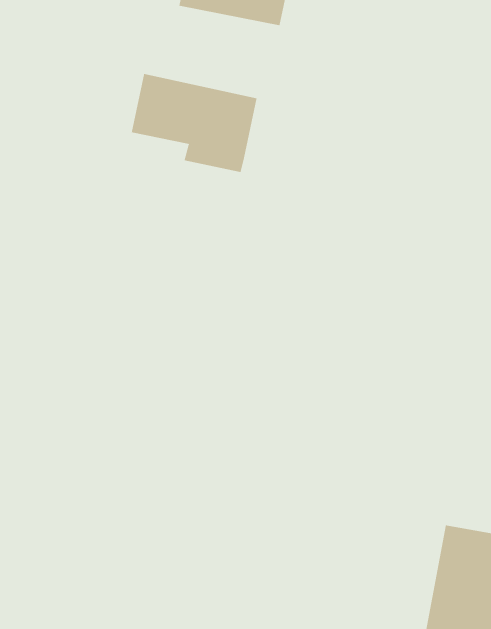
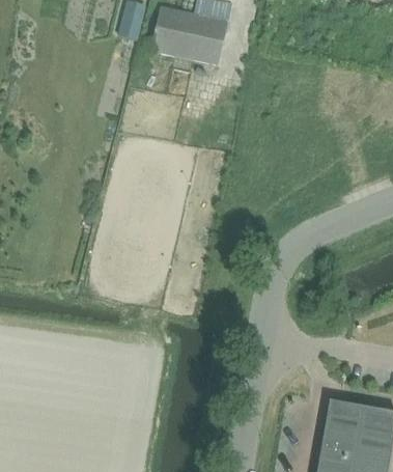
building: [131,73,257,173] -> none

